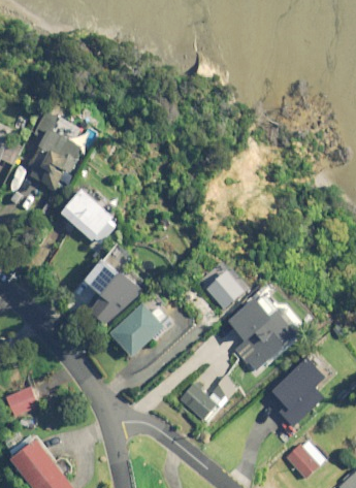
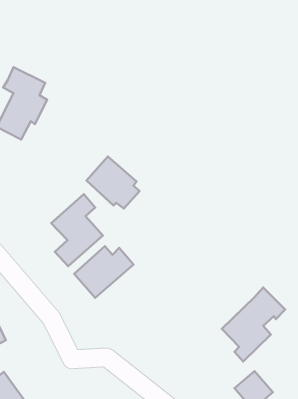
building: [60,188,117,243] -> [87,157,139,208]
building: [211,275,239,305] -> none
building: [228,299,298,375] -> none
building: [177,383,217,422] -> none

